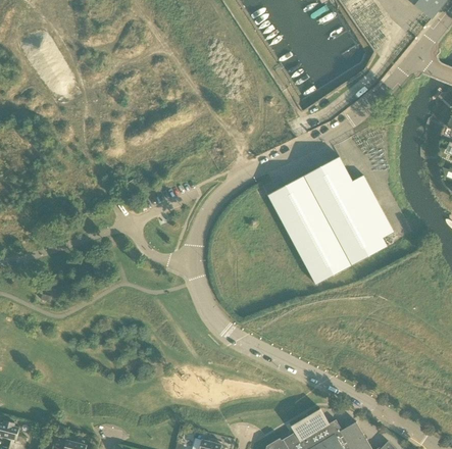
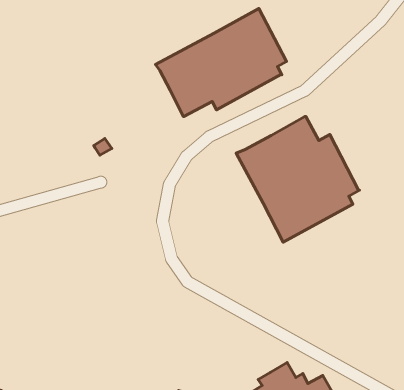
building: none -> [155,9,287,117]

